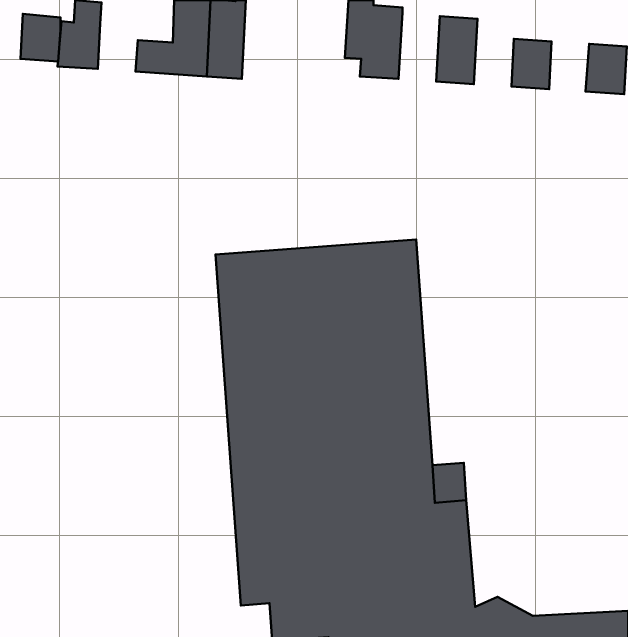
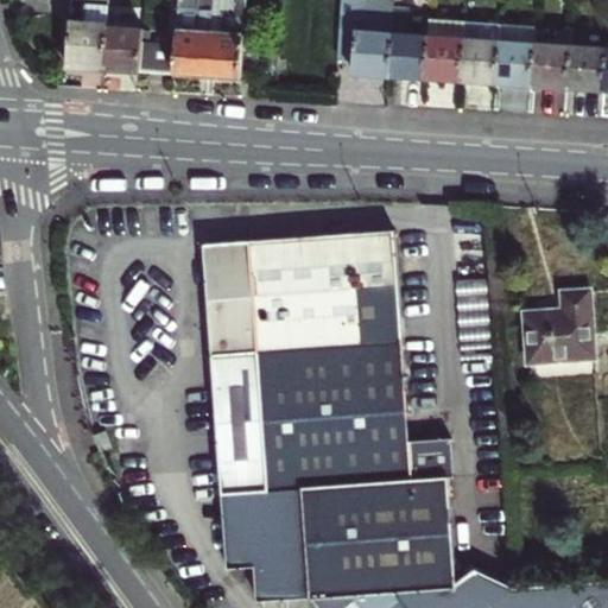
building: none -> [378,15,418,81]
building: [20,14,61,61] -> [93,26,131,71]
building: none -> [449,21,488,86]
building: none -> [520,43,558,90]
building: none -> [511,293,581,365]

